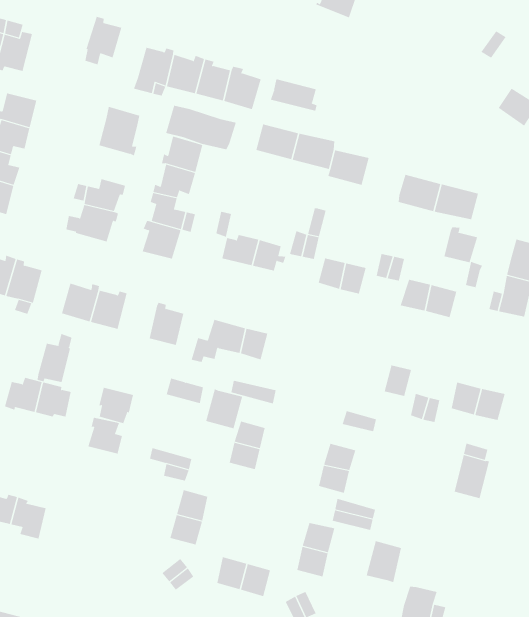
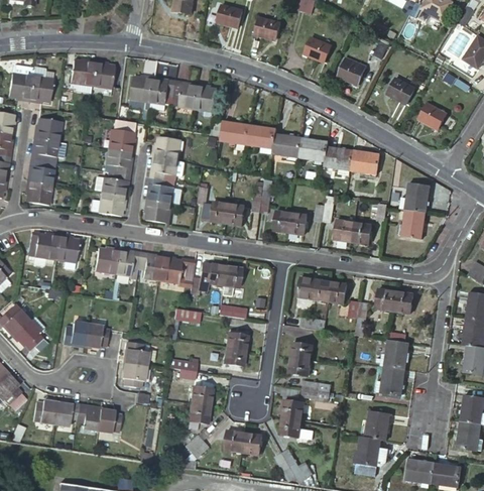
building: none -> [71,57,98,87]
building: none -> [304,37,332,64]
building: none -> [338,57,366,85]
building: [270,78,317,111] -> none
building: [165,105,237,150] -> none
building: none -> [107,149,132,175]
building: none -> [297,138,327,162]
building: [444,226,478,263] -> none
building: none -> [136,251,161,281]
building: [37,333,72,383] -> none
building: none -> [296,278,331,301]
building: [98,387,134,424] -> [121,362,145,386]
building: [205,388,243,429] -> none
building: none -> [380,367,403,395]
building: none -> [96,408,120,433]
building: [366,541,402,583] -> [365,411,388,440]

